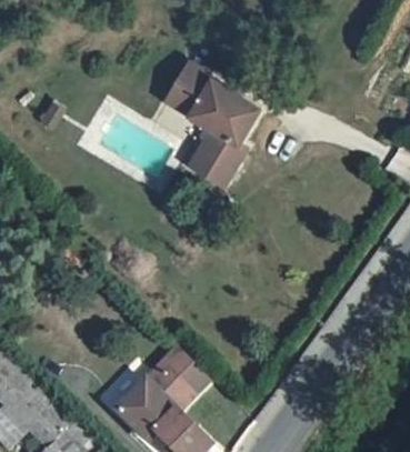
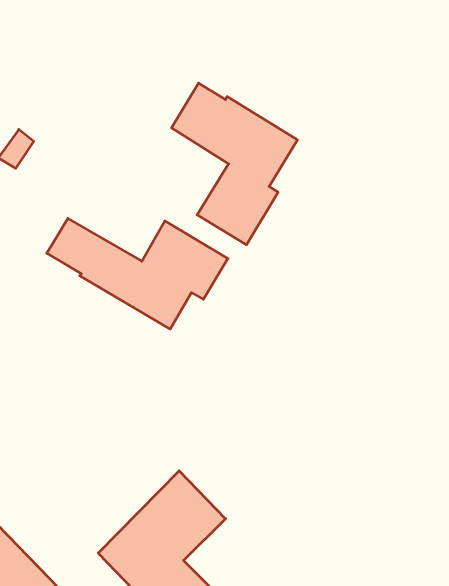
building: none -> [47,218,228,329]

